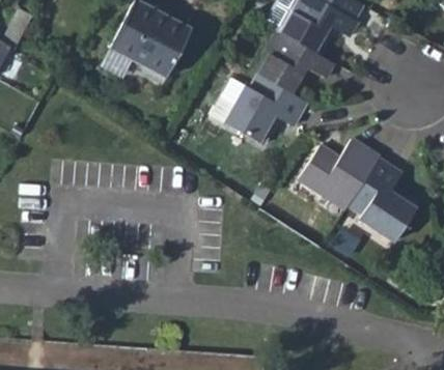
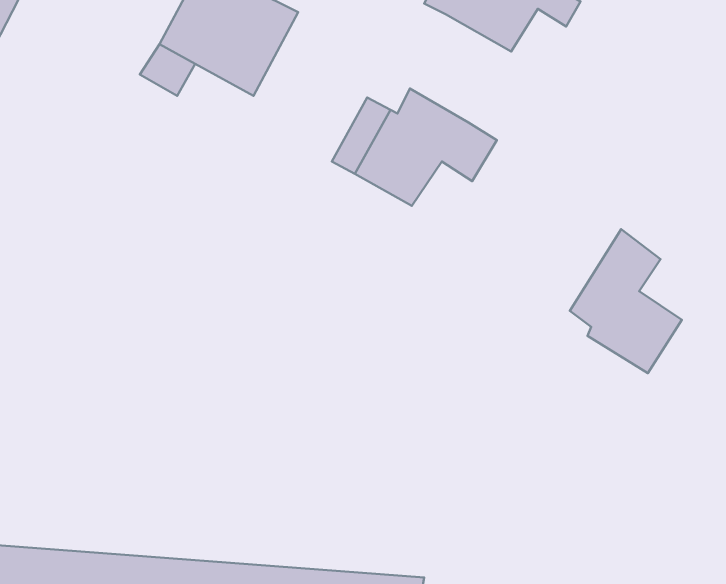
building: [253,29,334,92] -> none
building: [301,137,381,208] -> none

